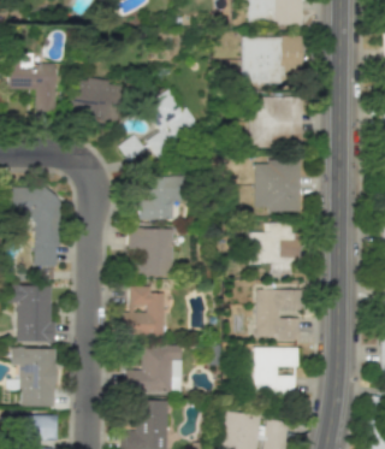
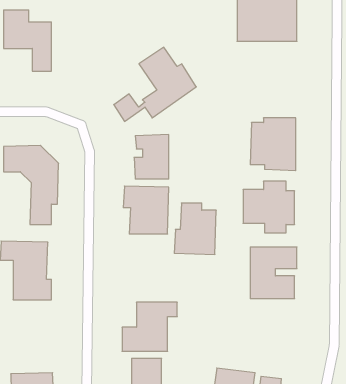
building: [67,77,131,129] -> none
building: [249,96,303,148] -> none
building: [124,285,166,337] -> [174,203,216,254]
building: [12,347,58,408] -> none
building: [255,348,298,395] -> none

